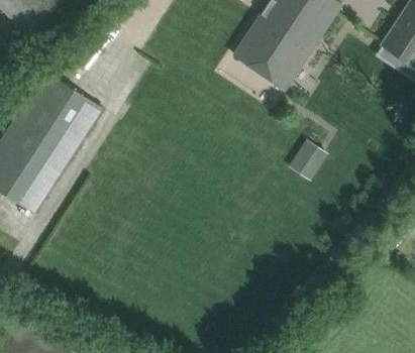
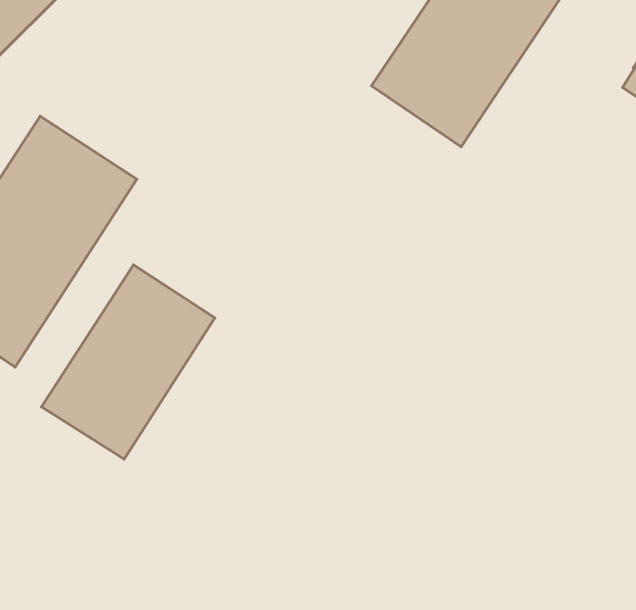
building: [287,141,324,182] -> none
building: none -> [42,265,215,459]

